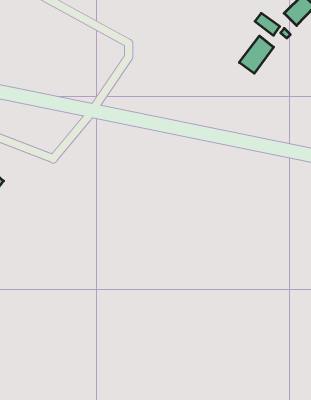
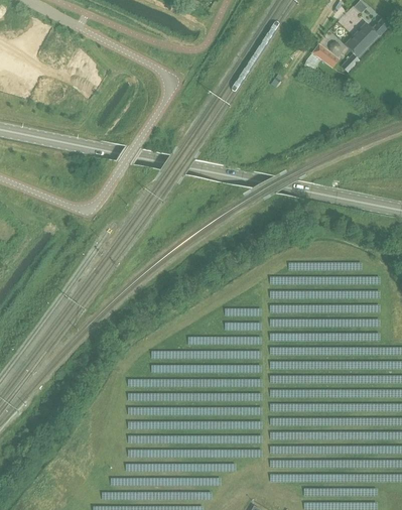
building: [239,36,274,73] -> none

